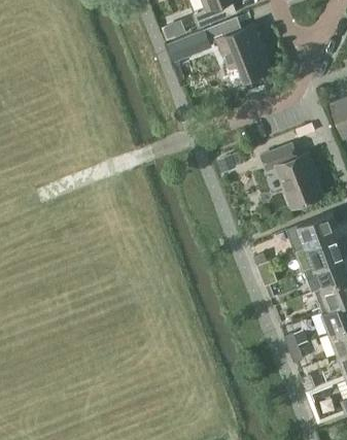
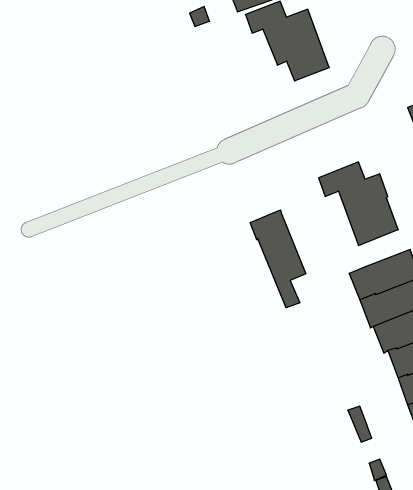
building: [167,31,210,63] -> none
building: none -> [250,210,306,308]

